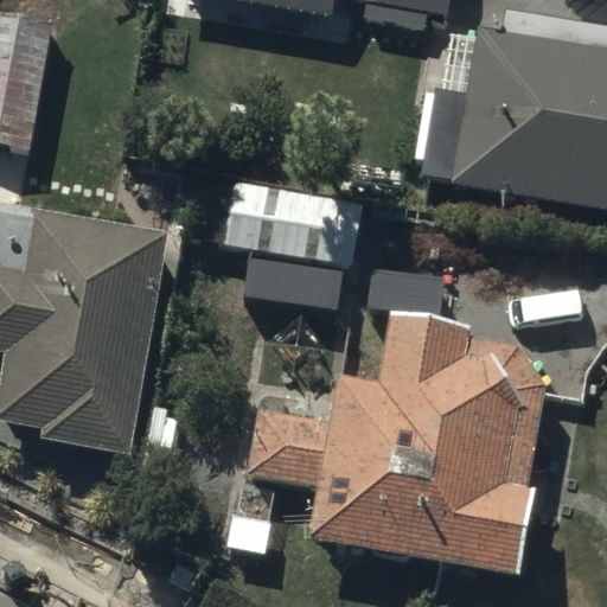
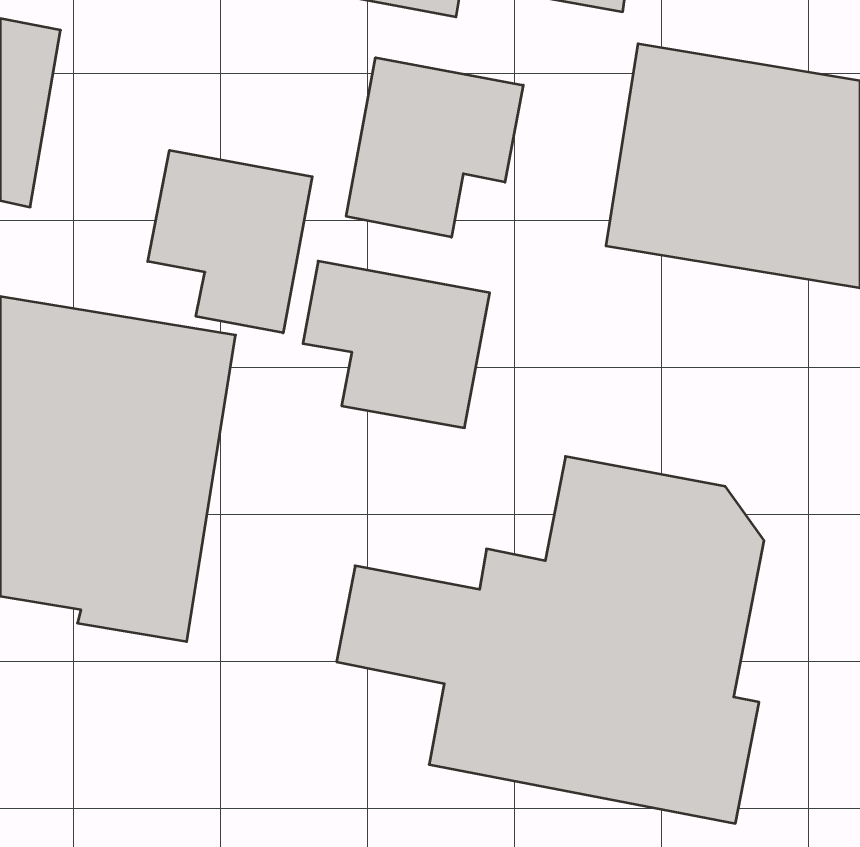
building: none -> [346,58,523,237]
building: none -> [148,150,312,333]

